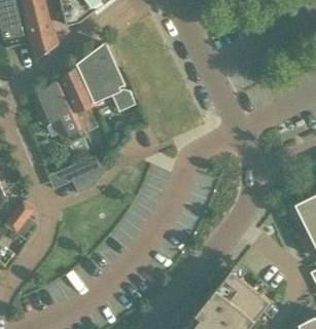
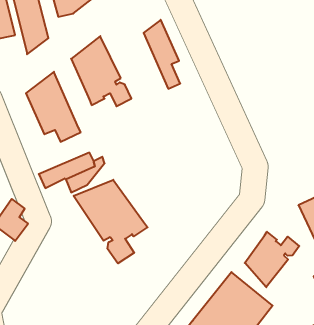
building: [62,66,97,132] -> [144,20,180,89]
building: none -> [74,180,148,263]
building: none -> [245,232,299,287]

